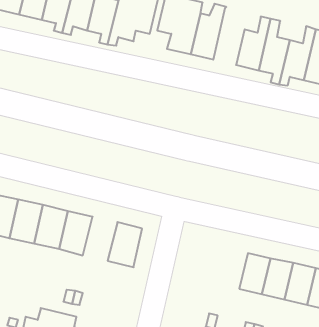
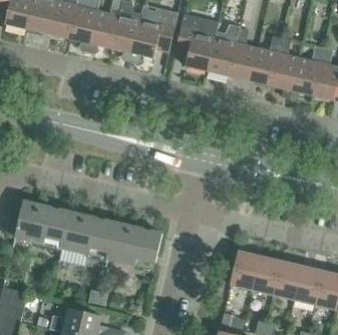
building: none -> [228,27,257,80]
building: none -> [106,222,138,263]
building: none -> [230,251,260,289]

